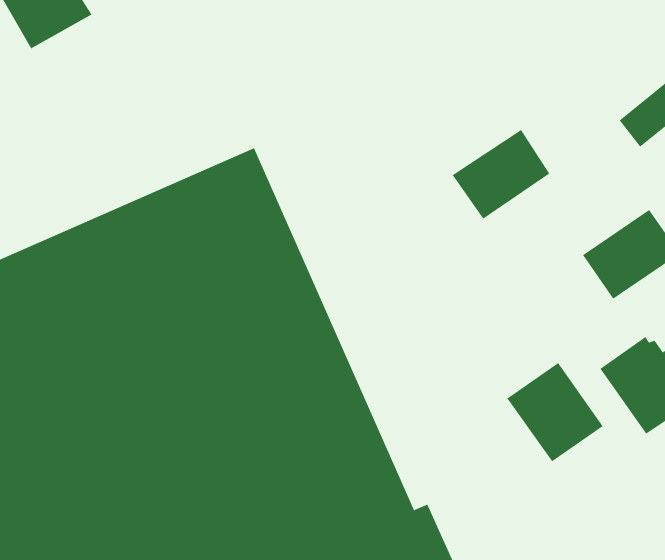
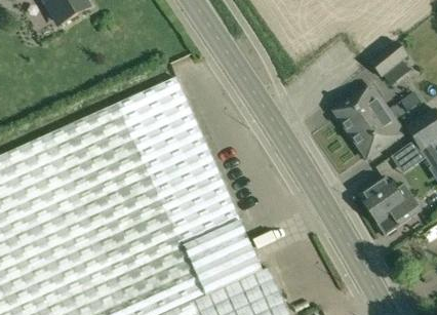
building: [452,129,550,220] -> [334,88,387,136]
building: [507,362,603,462] -> none

